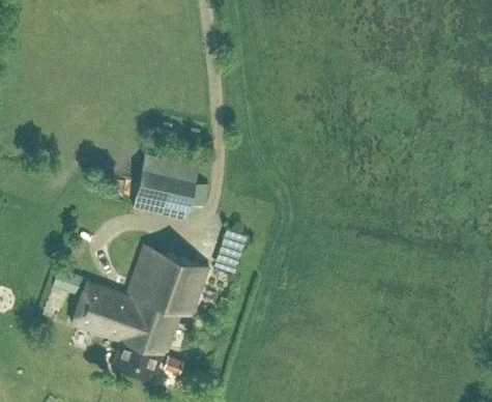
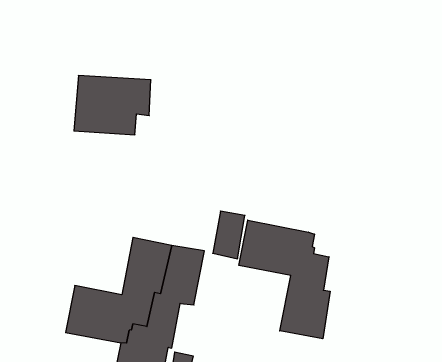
building: [135,157,211,219] -> [74,76,151,135]
building: none -> [239,220,330,339]

